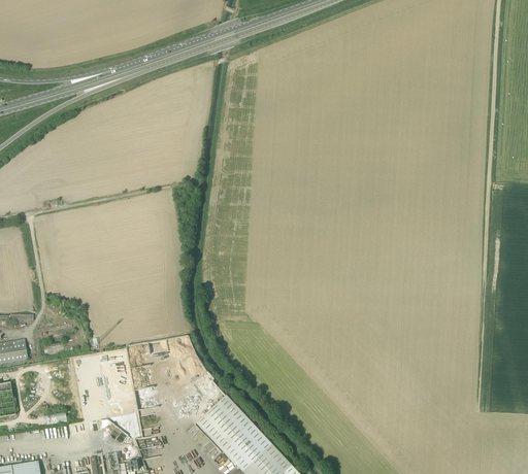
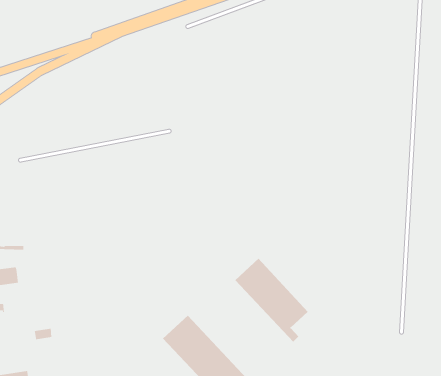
building: none -> [235,258,309,343]

